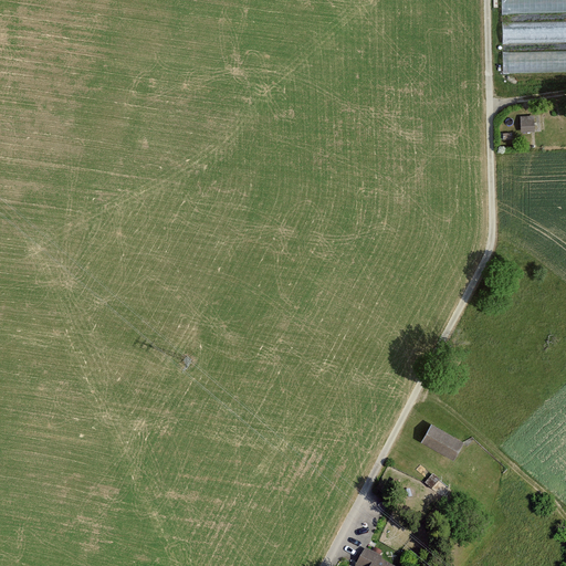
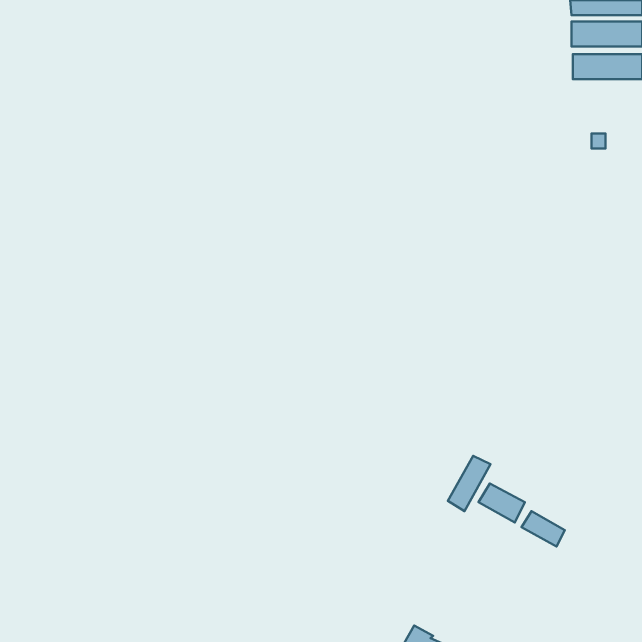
building: none -> [448,456,490,511]
building: none -> [521,511,565,547]

